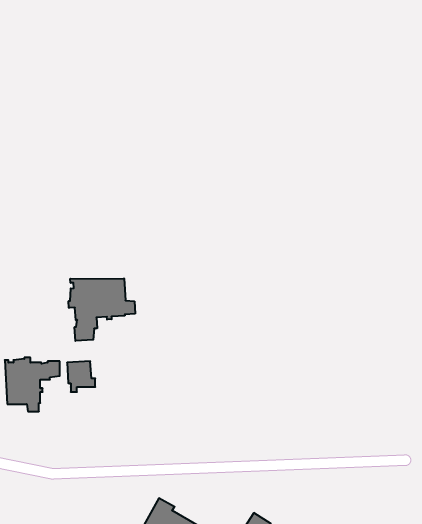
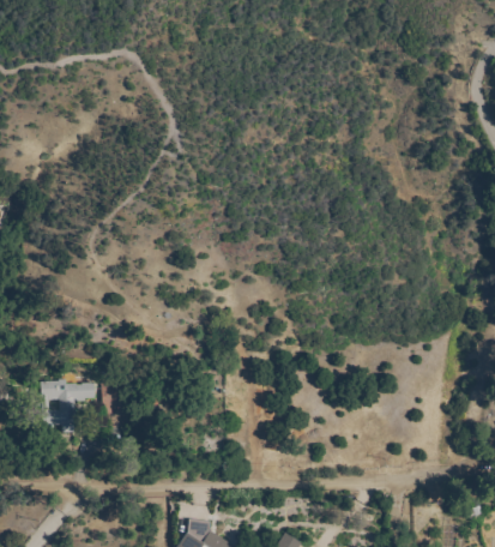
building: [69,278,135,341] -> none

